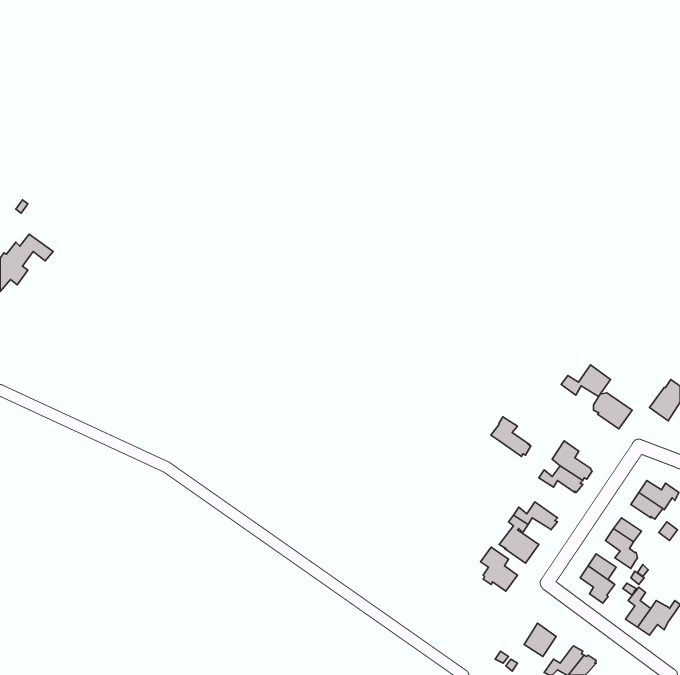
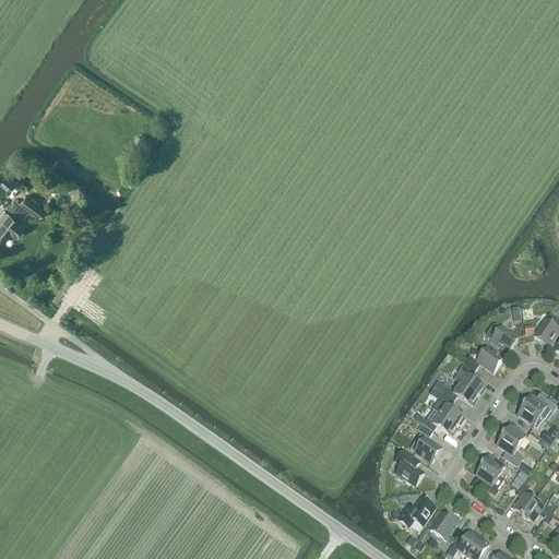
building: [561,365,610,397] -> [463,345,503,371]
building: [491,417,531,457] -> [432,392,465,425]
building: none -> [399,497,436,526]

